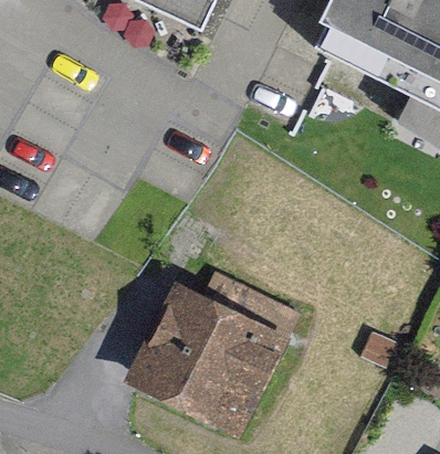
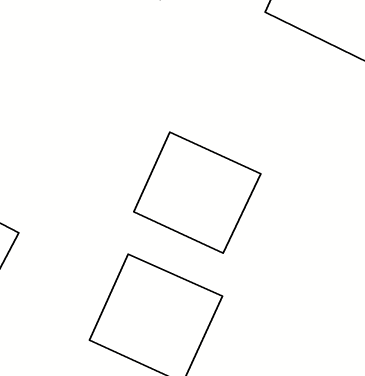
building: none -> [134,132,261,253]

